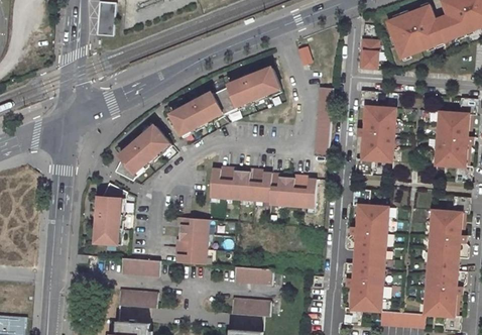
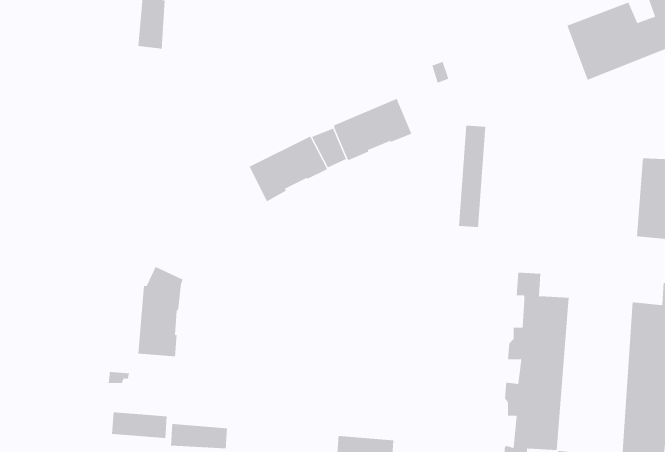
building: [358,38,377,68] -> none
building: [354,89,394,174] -> none
building: [113,127,171,182] -> none
building: [210,168,316,208] -> none
building: [173,218,208,264] -> none
building: [120,258,158,276] -> [111,412,168,439]
building: [233,266,272,285] -> none

